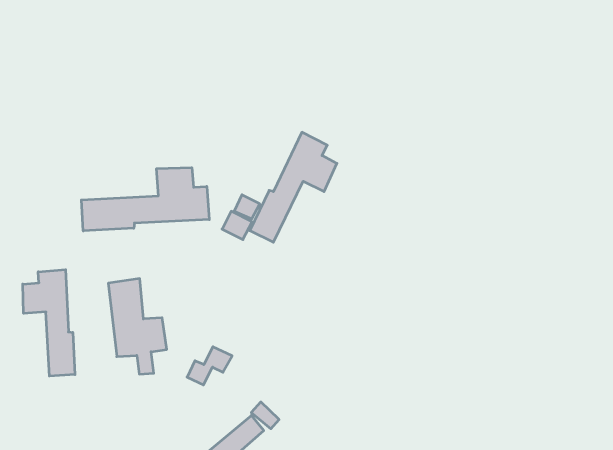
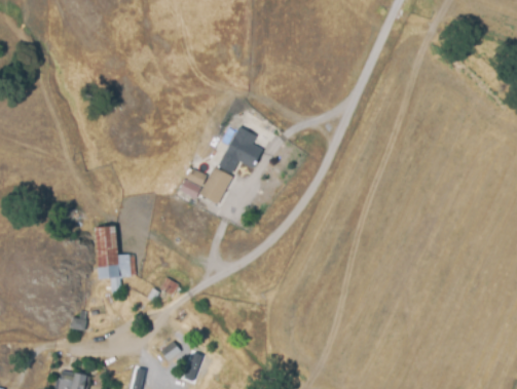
building: [81,168,209,231] -> none
building: [23,270,75,376] -> none

